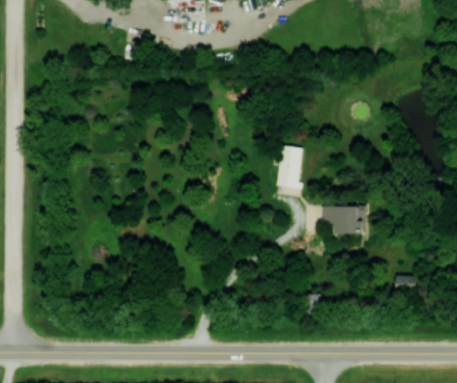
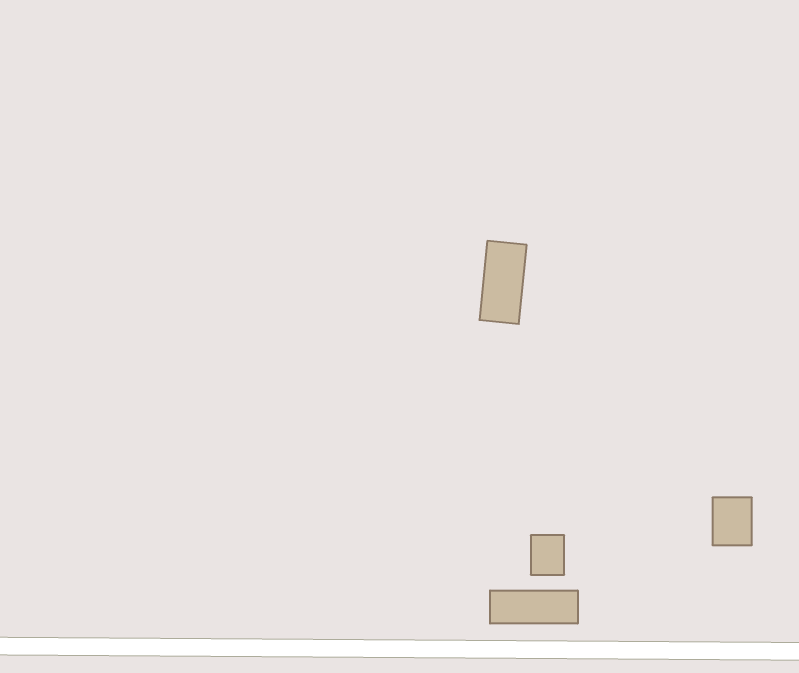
building: [322,206,361,234] -> none
building: none -> [490,590,578,624]

